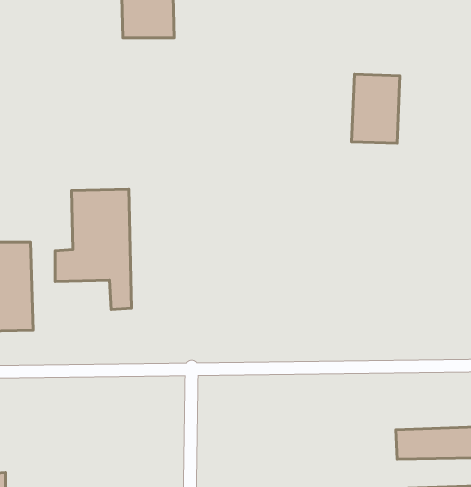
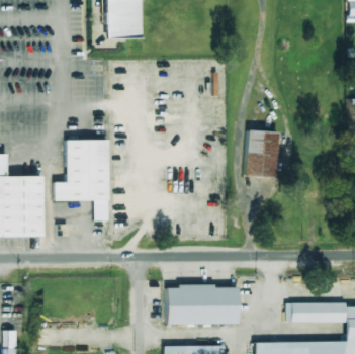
building: [352,74,400,143] -> [247,132,280,180]
building: none -> [164,287,236,323]

